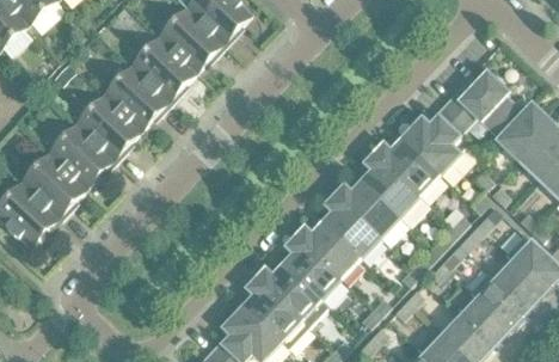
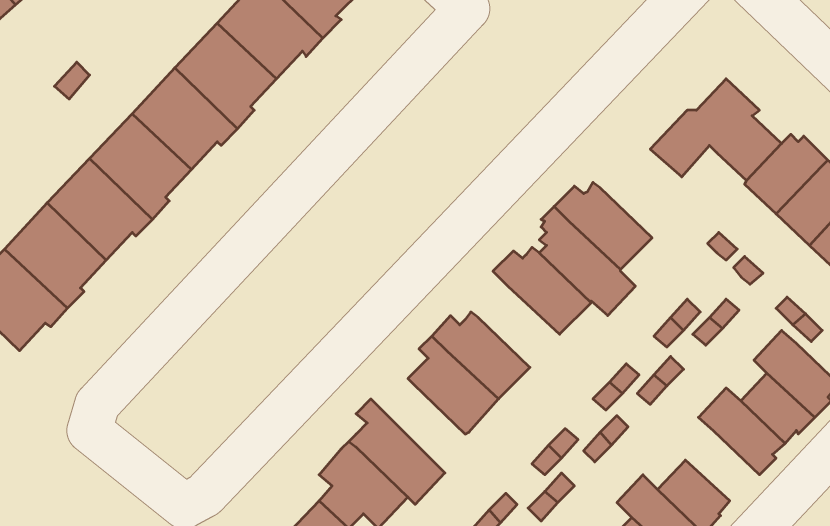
building: [400,117,467,174] -> none
building: [321,196,379,258] -> none
building: [257,265,325,326] -> none
building: [460,299,508,344] -> none

